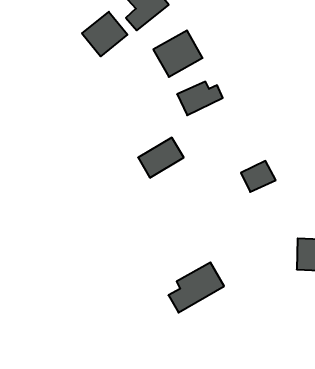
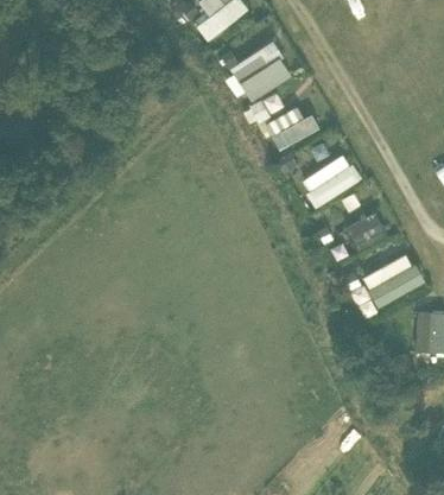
building: [82,12,127,56] -> none
building: [138,138,184,178] -> [300,154,360,207]
building: [168,262,224,313] -> [351,253,424,318]

